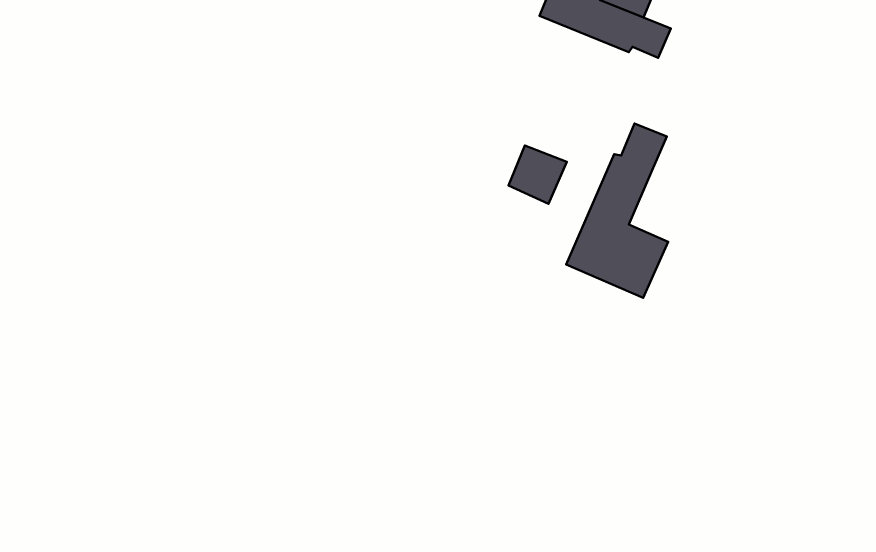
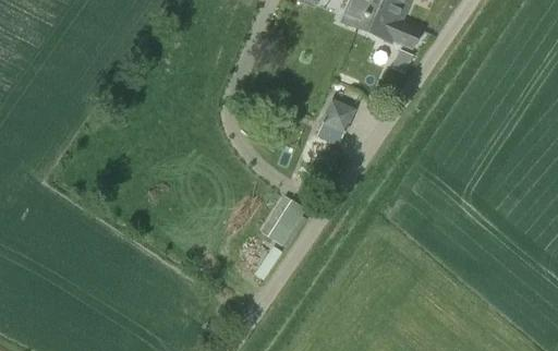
building: [566,124,668,298] -> none

